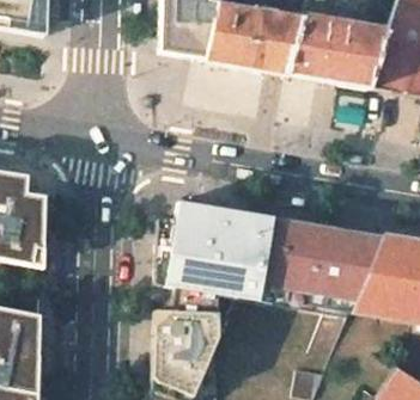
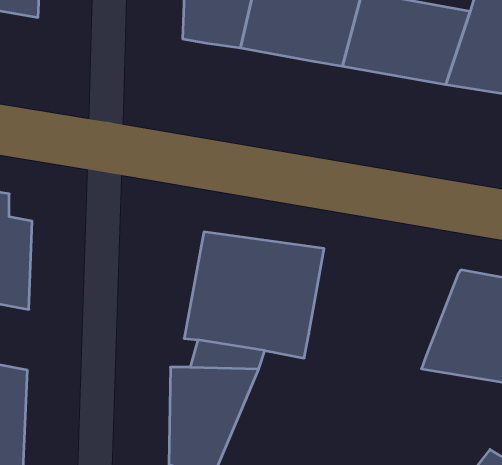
building: [262,216,379,301] -> none

